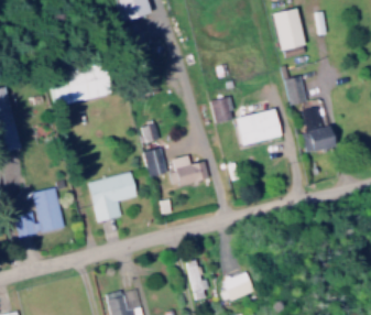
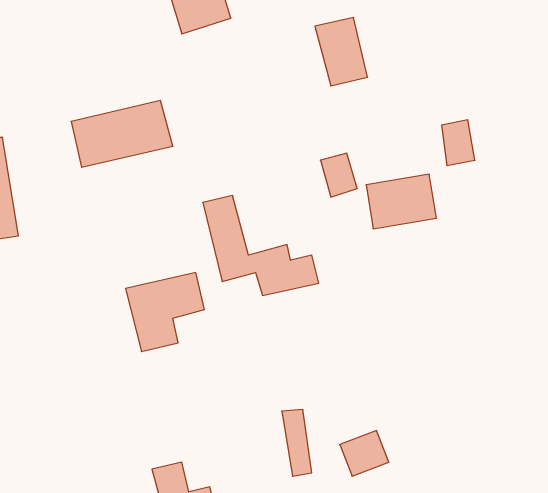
building: [273,8,306,51] -> [315,17,368,86]
building: [301,107,338,152] -> none
building: [14,187,62,236] -> none

